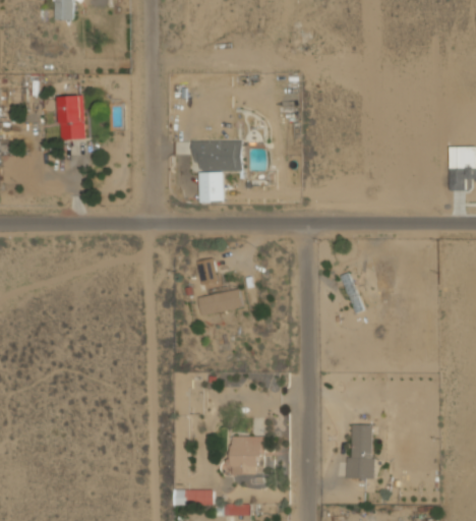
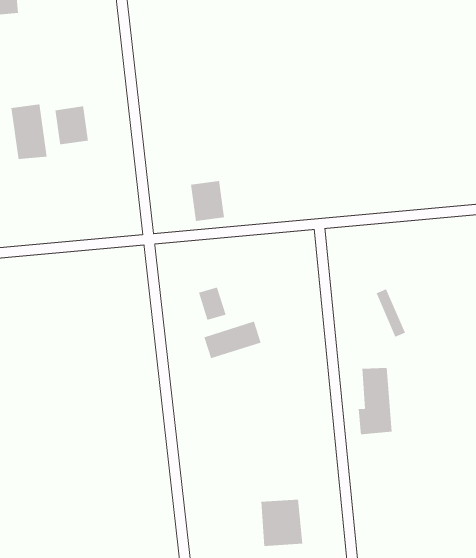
building: none -> [55,106,88,145]
building: [192,139,243,171] -> none
building: [346,423,373,477] -> [358,367,393,435]

